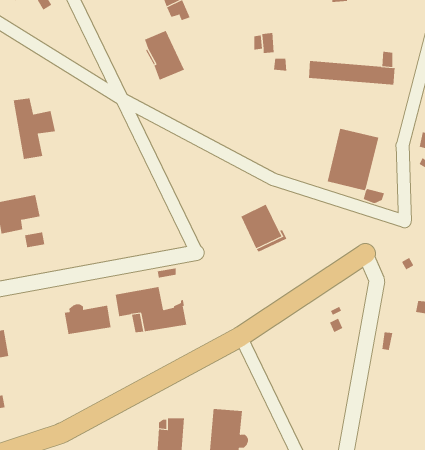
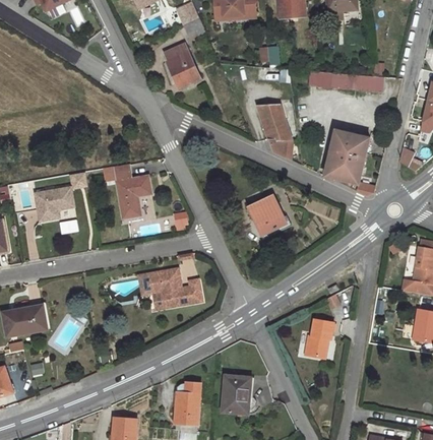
building: [13,98,56,160] -> [114,164,151,217]
building: none -> [257,104,293,156]
building: [64,304,111,335] -> none
building: none -> [308,318,333,358]

